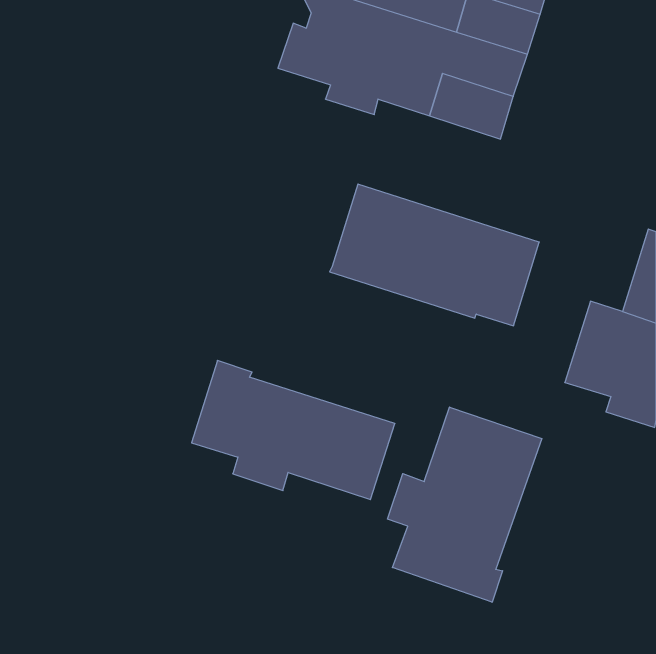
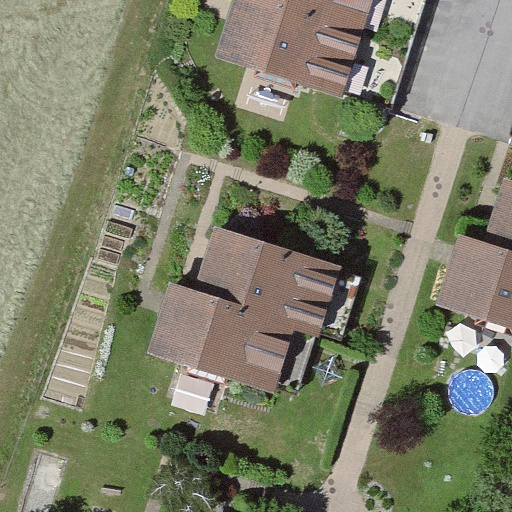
building: [330,184,539,326] -> [194,225,357,335]
building: [388,407,542,602] -> none

